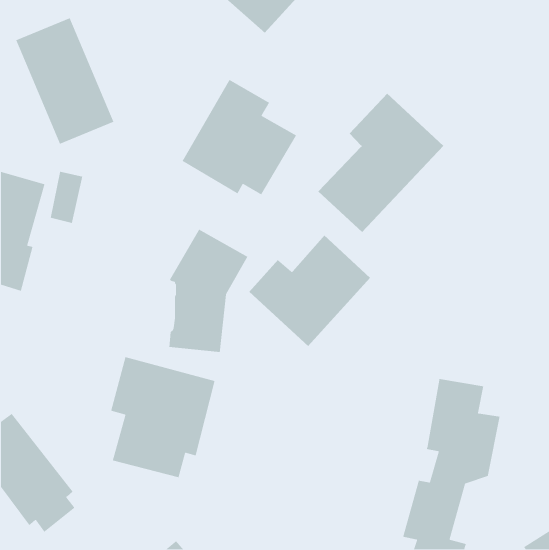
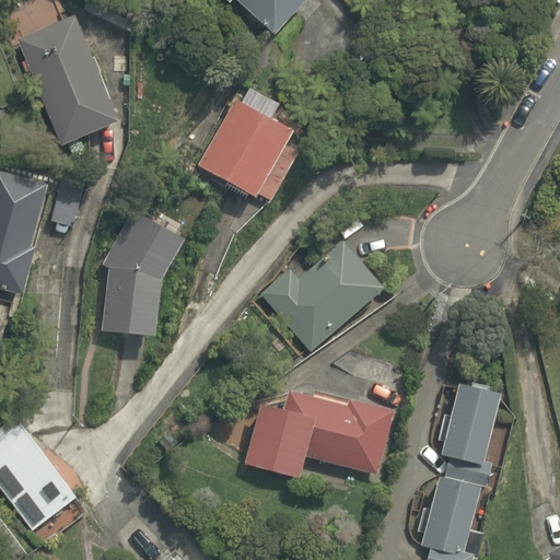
building: [317,93,444,233] -> none
building: [169,229,249,353] -> [104,212,185,338]
building: [110,356,215,478] -> none
building: none -> [231,381,387,475]

